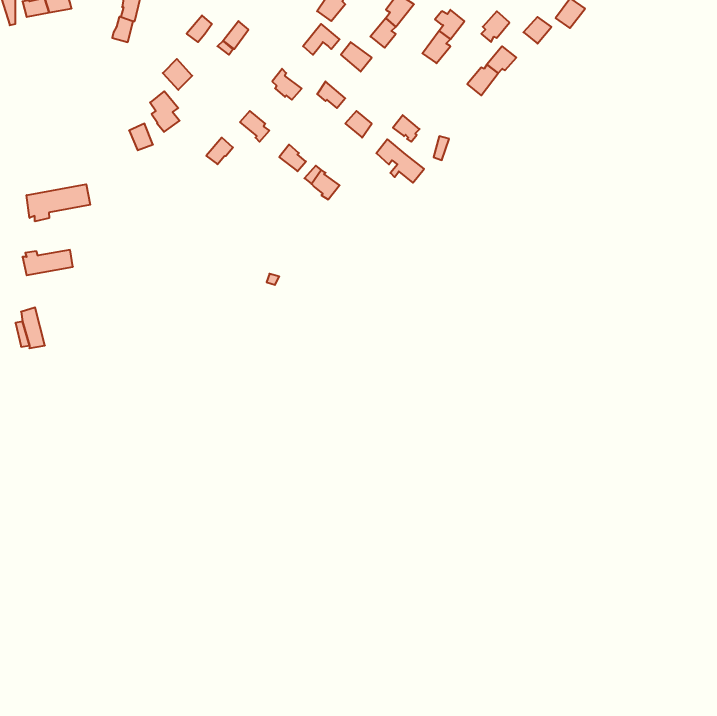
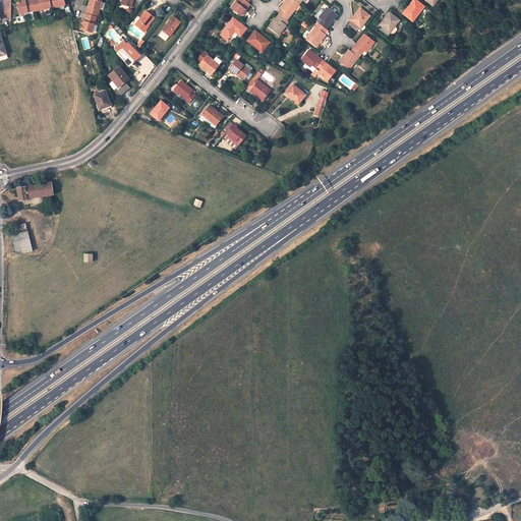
building: [376,139,424,183] -> [301,49,336,80]
building: [27,184,90,221] -> none

